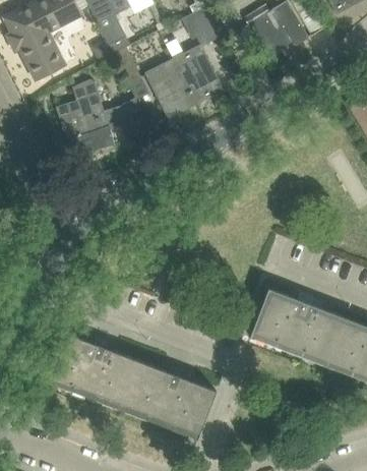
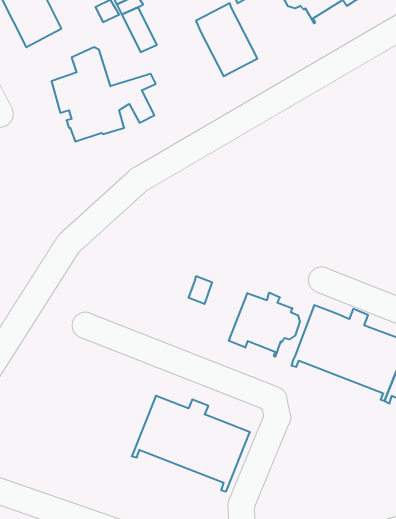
building: [144,59,194,118] -> none
building: none -> [229,293,300,357]
building: [45,333,139,411] -> none

